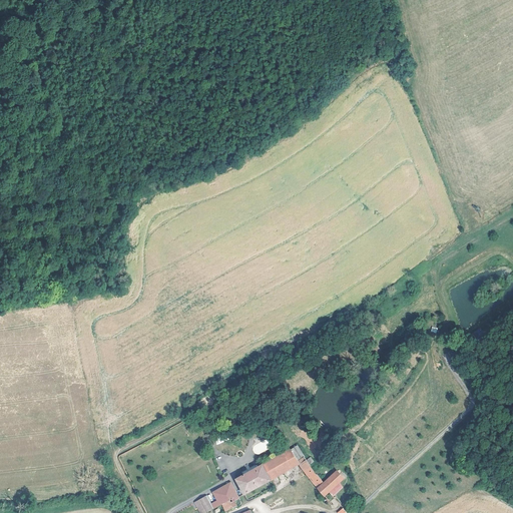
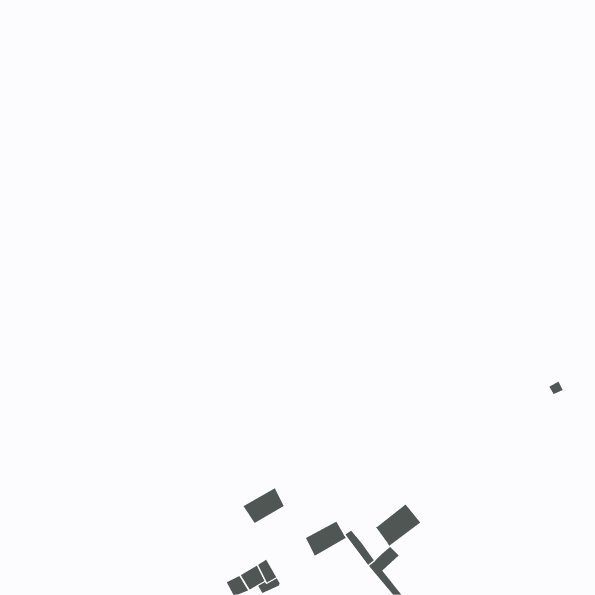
building: none -> [375,503,421,547]
building: [234,463,271,494] -> [243,488,285,524]

